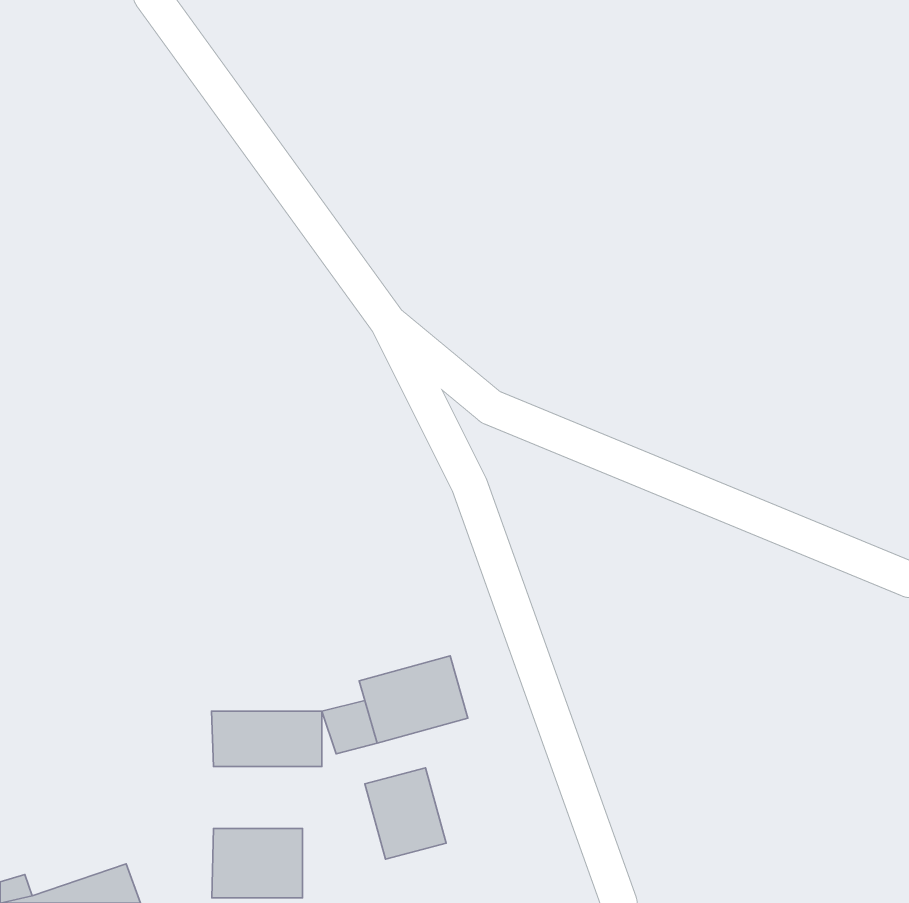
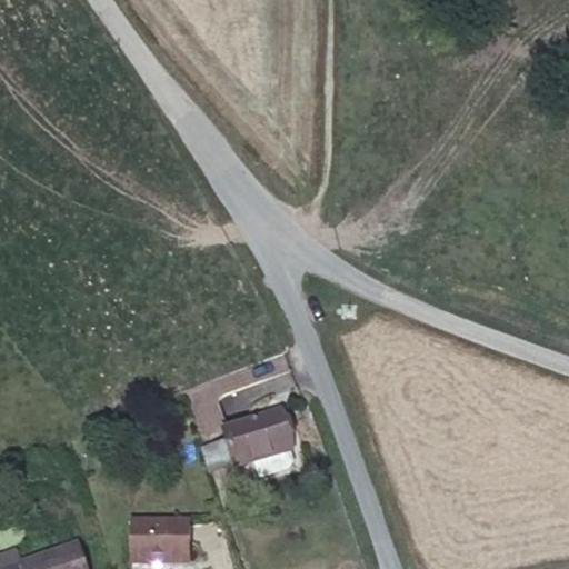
building: [211,711,322,767] -> none
building: [365,768,446,859] -> none

